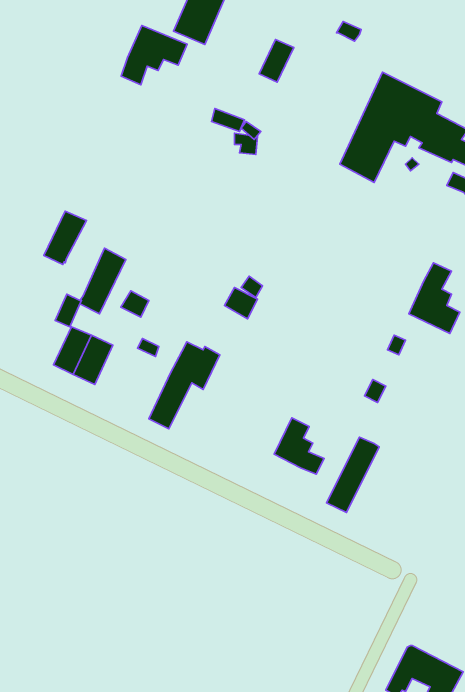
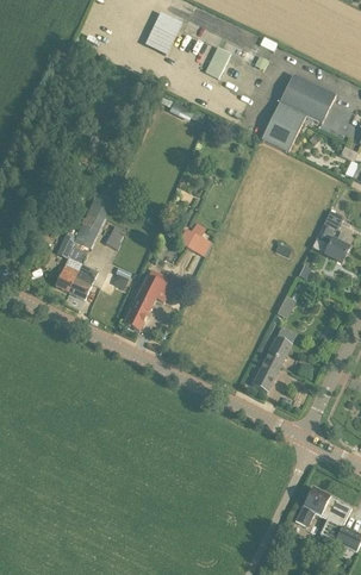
building: [121,26,187,85] -> none
building: [44,211,87,265] -> none
building: [274,418,324,474] -> none

